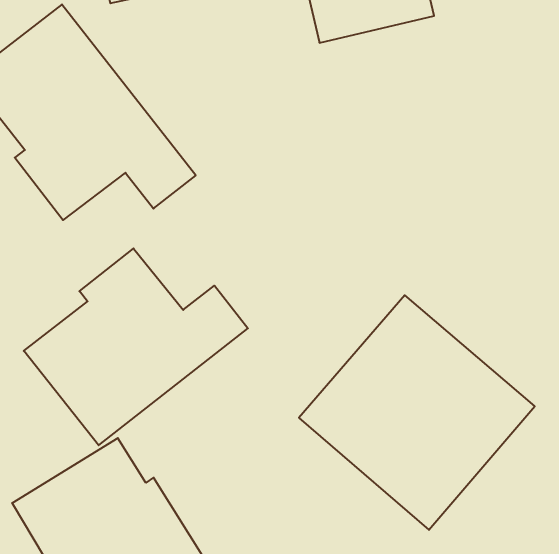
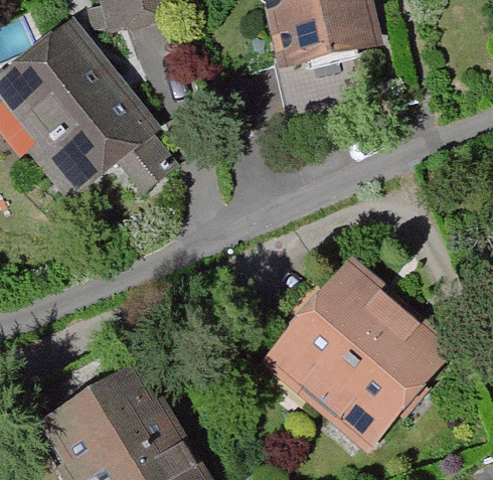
building: [24,248,248,445] -> none

